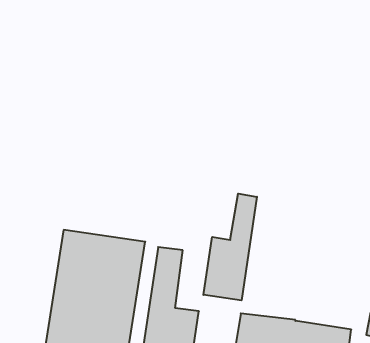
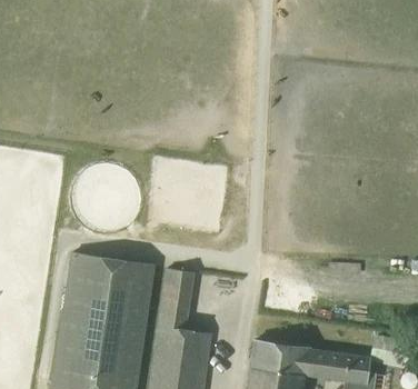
building: [203,194,257,300] -> none

